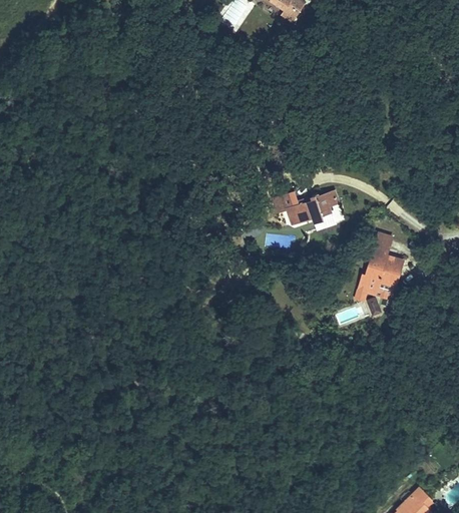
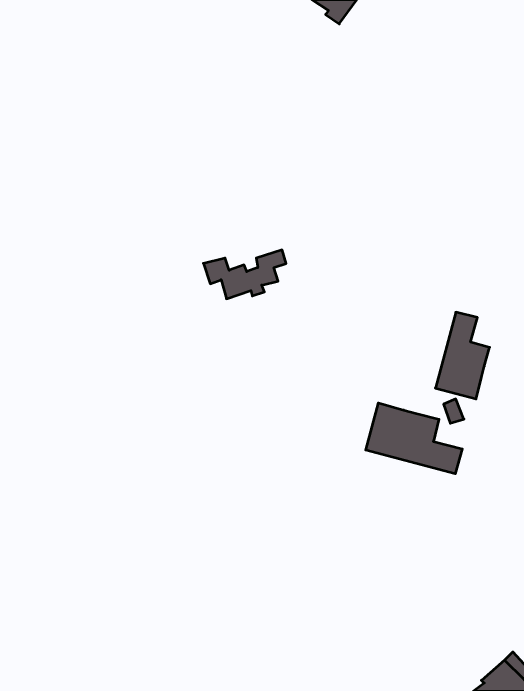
building: [281,190,342,226] -> [203,250,286,299]
building: none -> [366,403,462,474]

